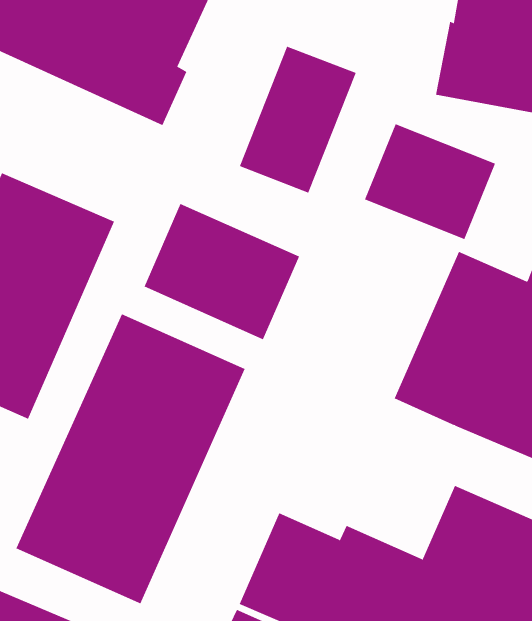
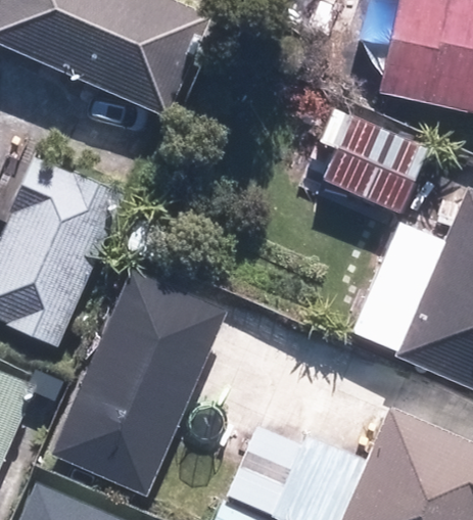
building: [239,46,356,193] -> none
building: [144,203,300,340] -> none

